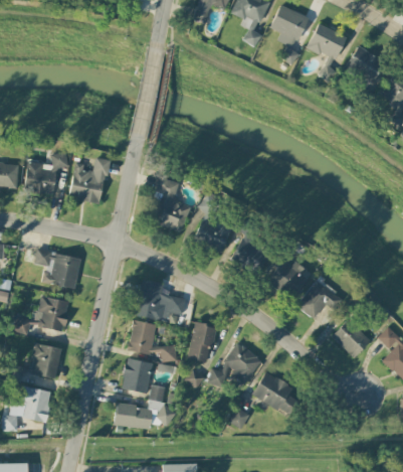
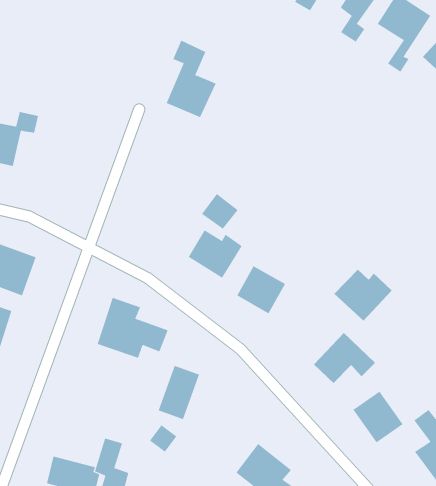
building: [69,158,109,204] -> none
building: [155,177,190,232] -> [166,40,217,118]
building: [268,261,312,299] -> [334,269,393,321]
building: [129,320,178,362] -> none
building: [208,343,262,388] -> none
building: [123,359,153,394] -> none

